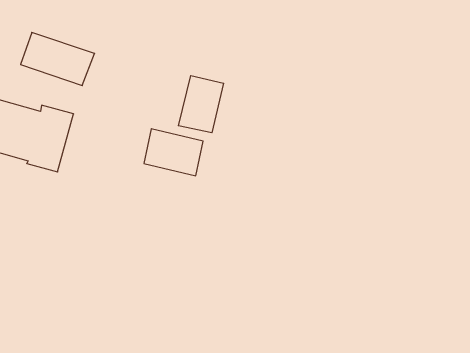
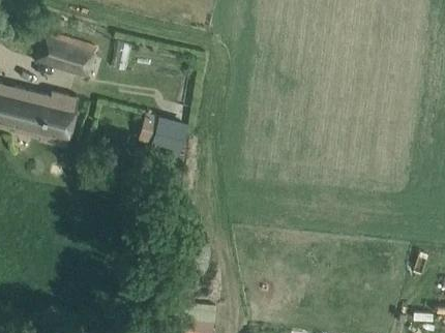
building: [178,76,224,133] -> none

